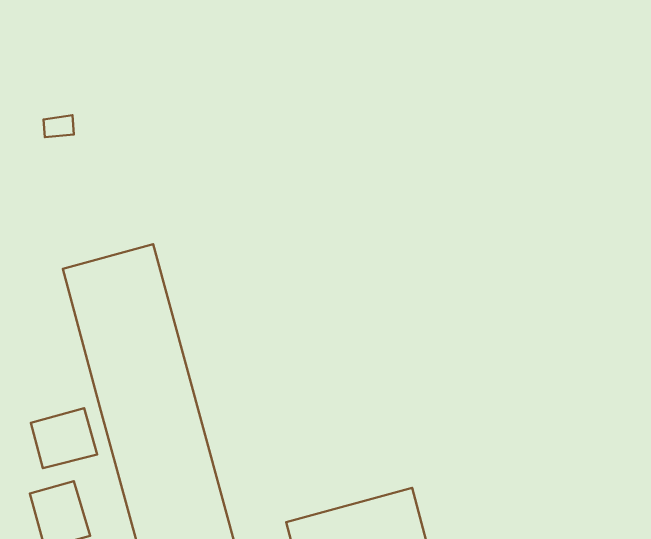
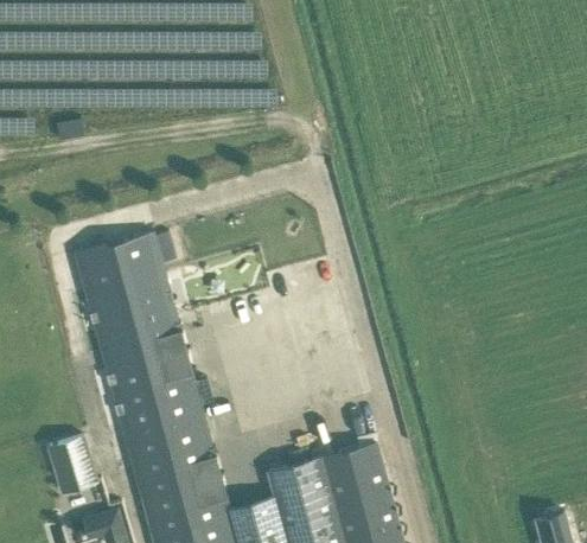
building: [31,408,97,468] -> none

